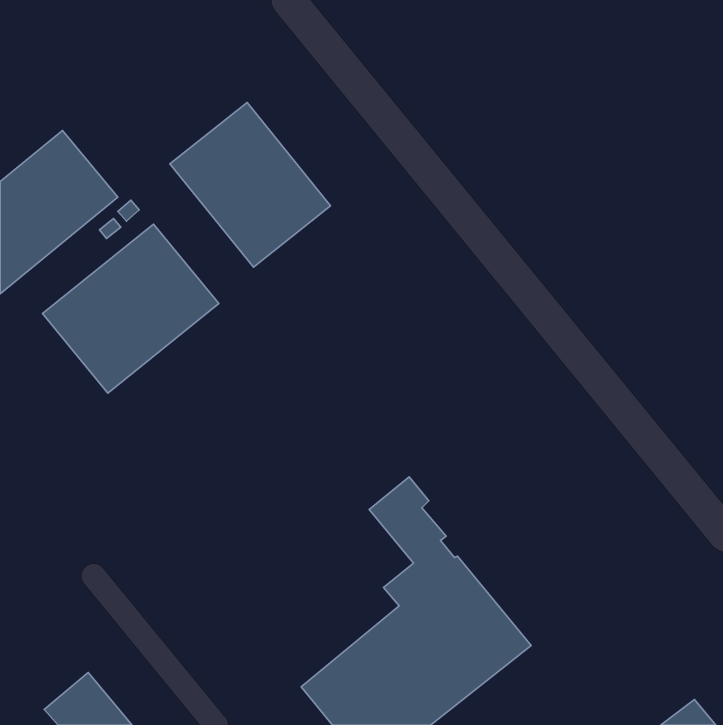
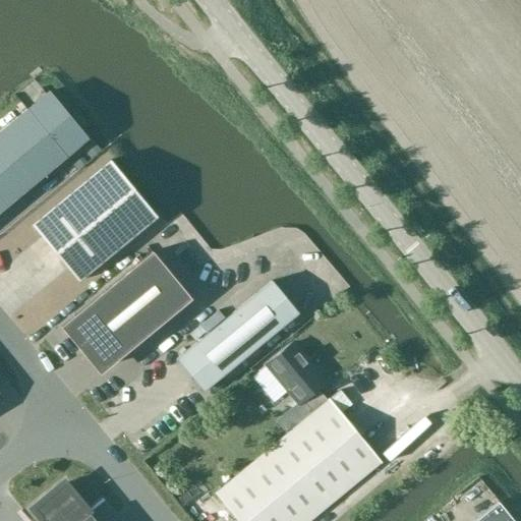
building: [170,103,331,267] -> none
building: none -> [63,252,192,364]
building: none -> [178,282,298,391]

